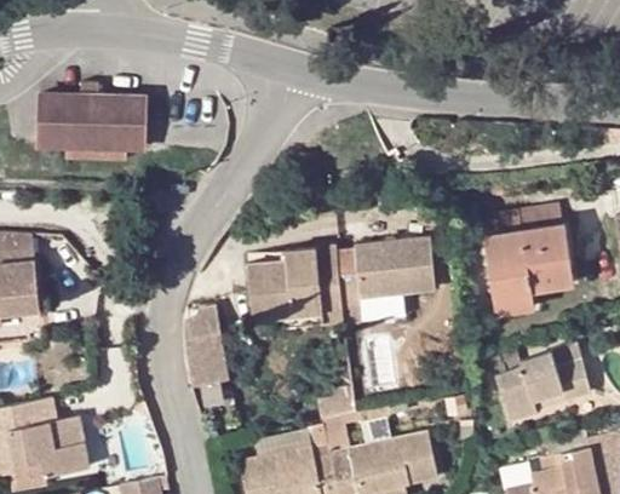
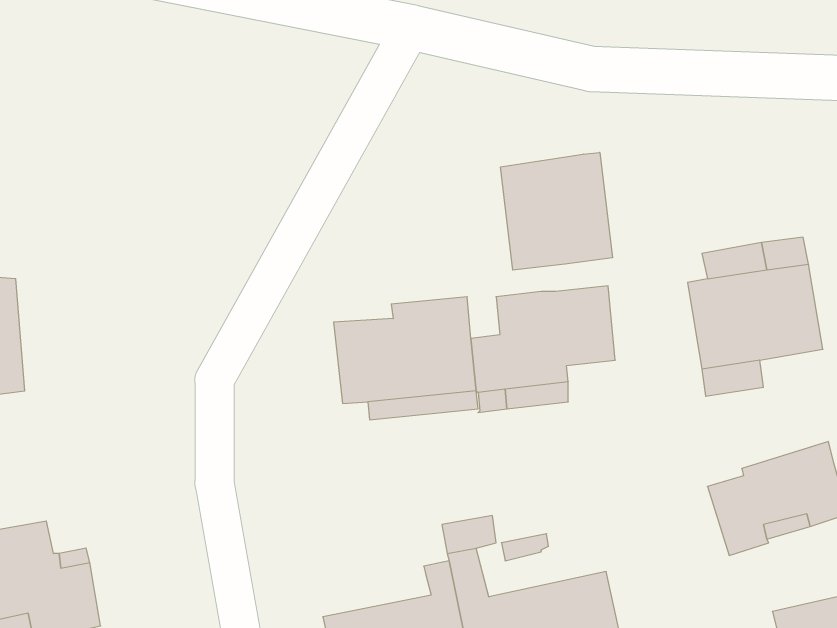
building: [36,82,147,157] -> none
building: none -> [501,152,612,270]
building: [184,308,226,385] -> none

